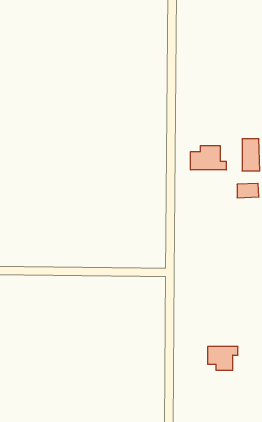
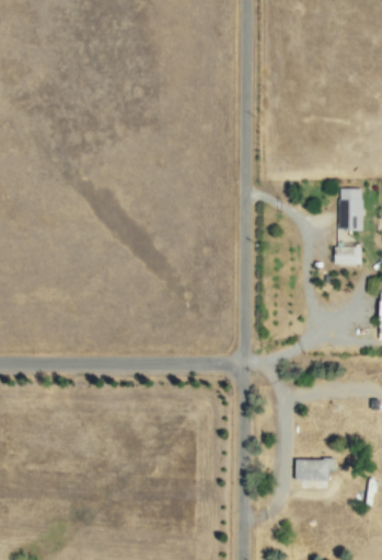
building: [191,146,226,170] -> none

